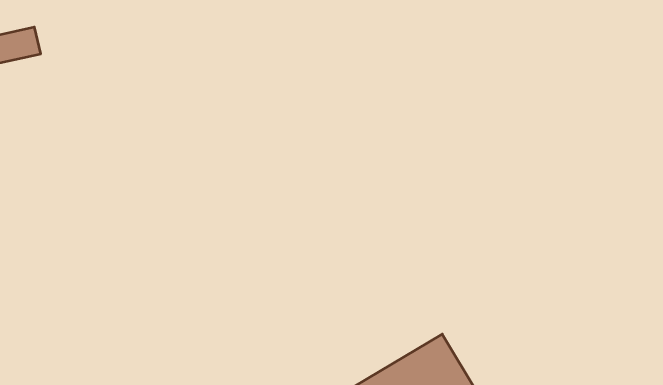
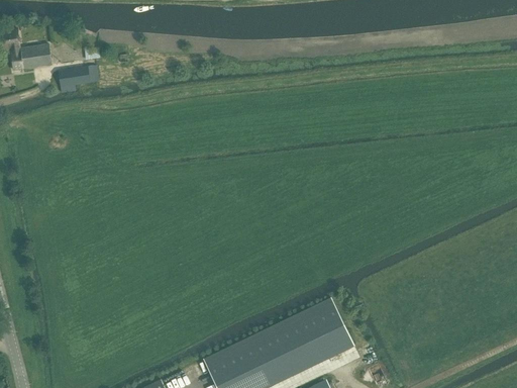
building: none -> [57,66,98,93]

